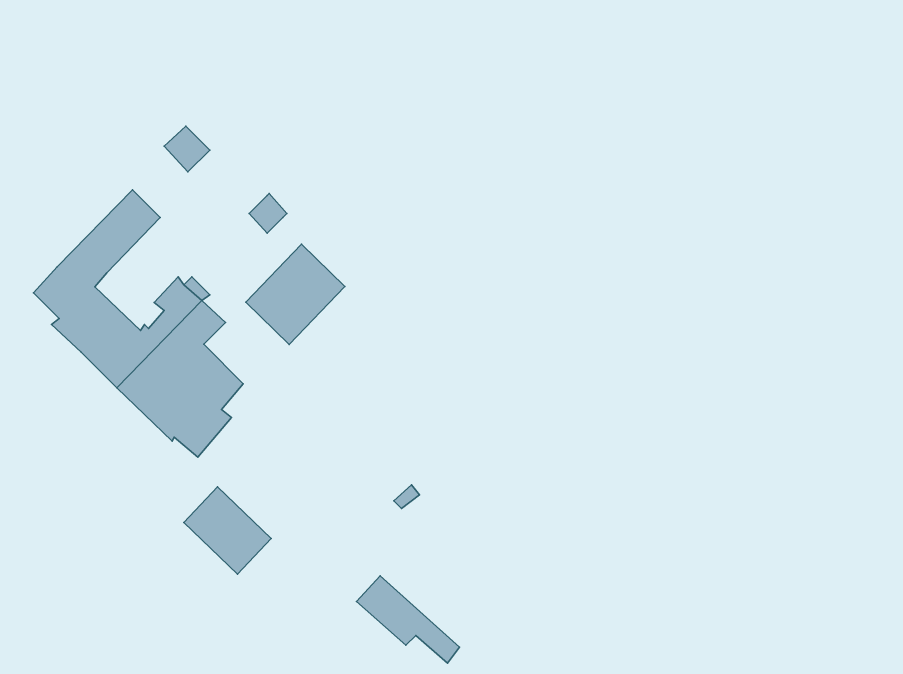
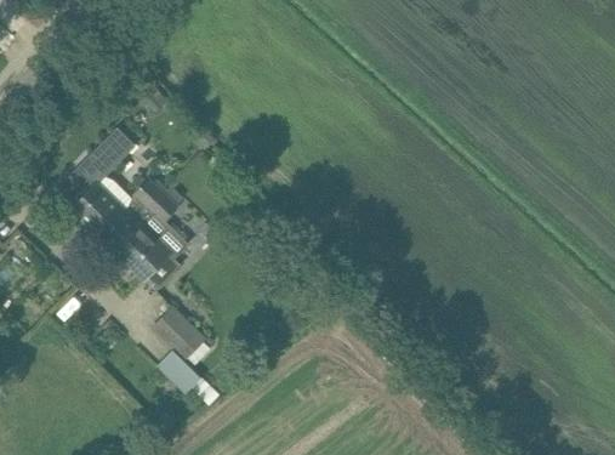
building: [246,244,345,344] -> none
building: [356,576,459,663] -> [154,348,217,402]

